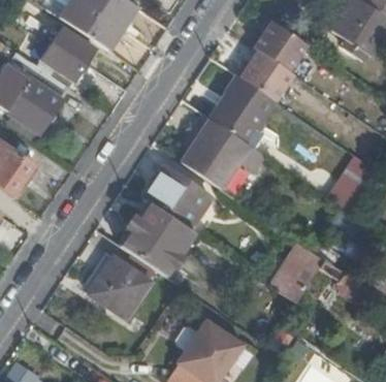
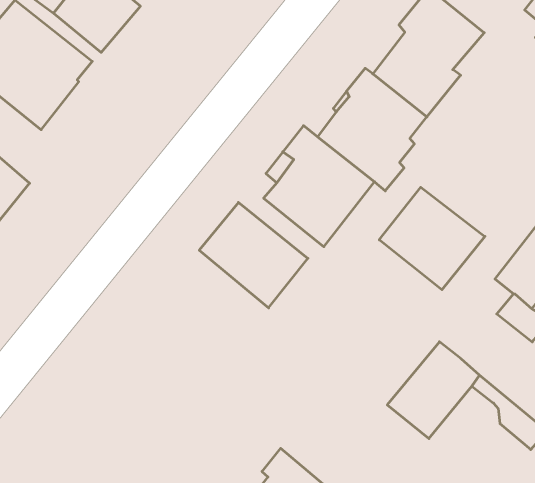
building: none -> [379,187,485,290]
building: [116,198,190,274] -> none
building: [88,257,149,319] -> none

